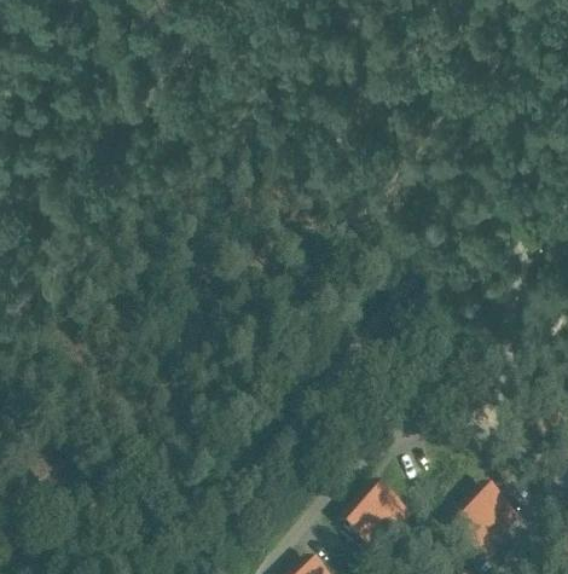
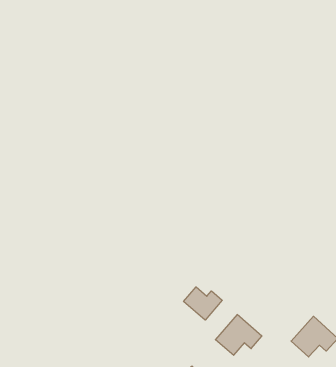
building: none -> [184,287,222,320]

